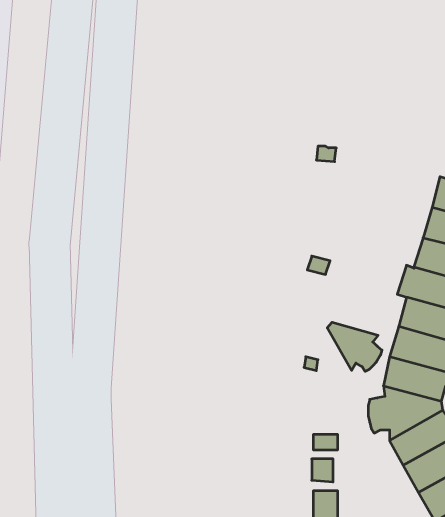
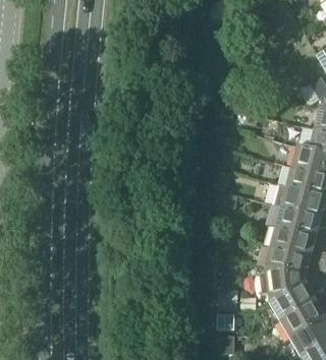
building: [327,322,382,371] -> none

